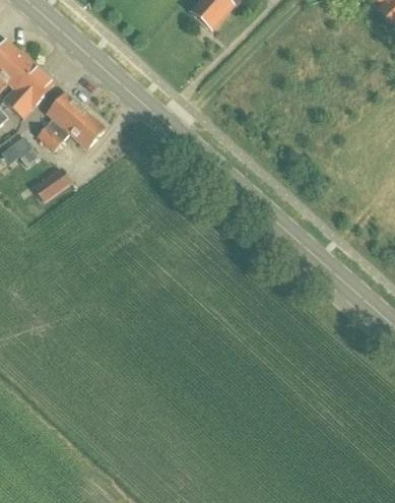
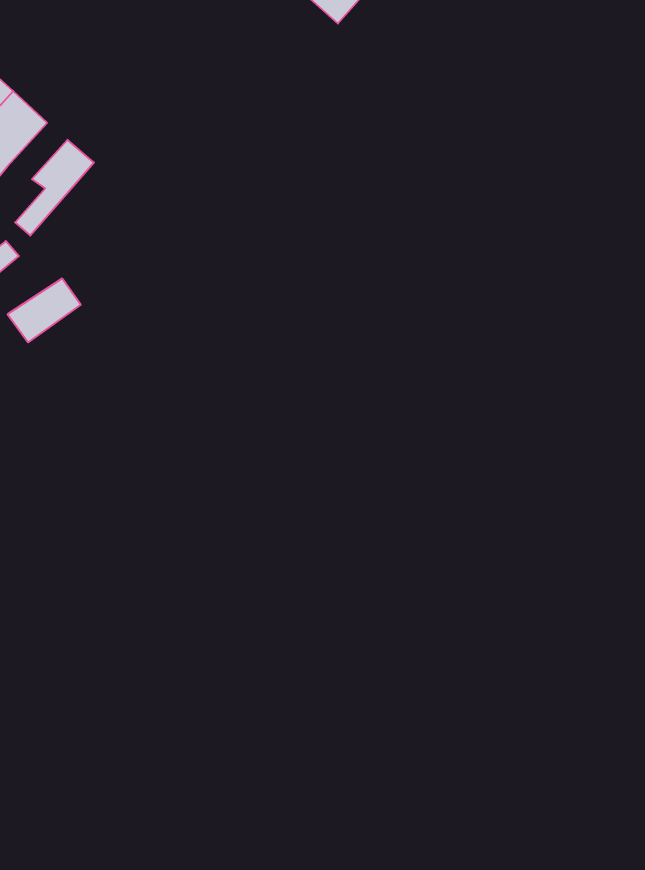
building: [45,104,106,150] -> none

